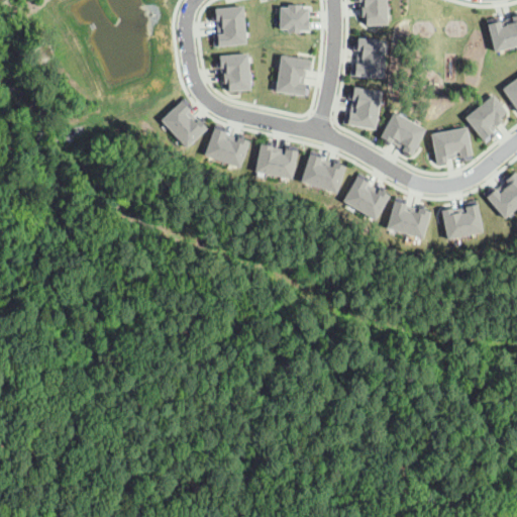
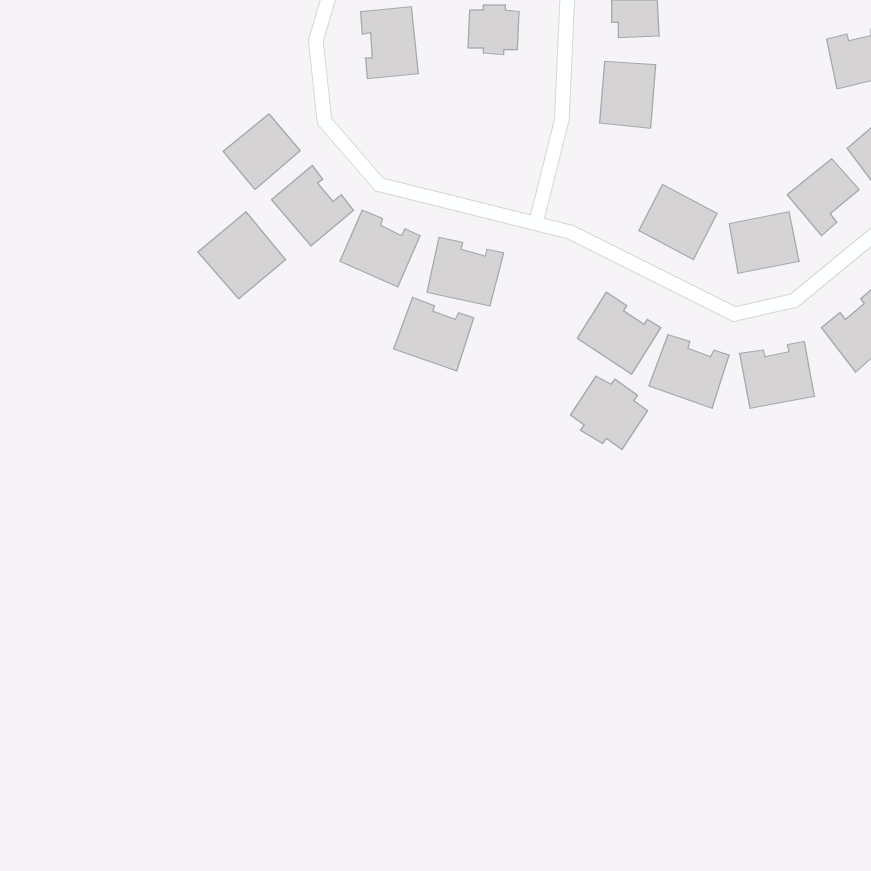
building: [219,51,254,90] -> none
building: [276,54,312,95] -> none
building: none -> [223,114,300,189]
building: [344,86,381,127] -> none
building: none -> [198,212,286,299]
building: [299,151,346,195] -> [394,297,474,371]
building: none -> [571,376,647,450]

